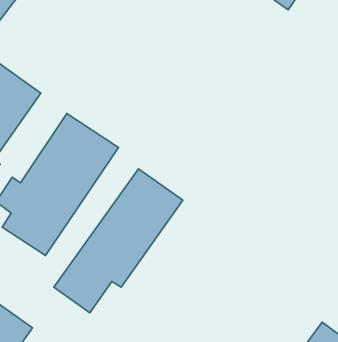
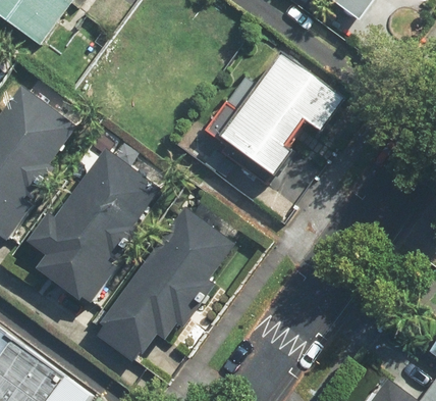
building: none -> [200,54,346,176]

